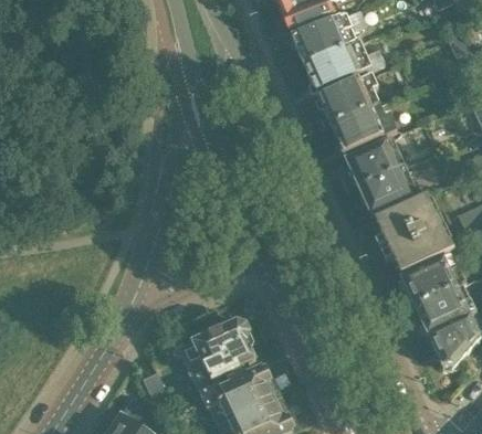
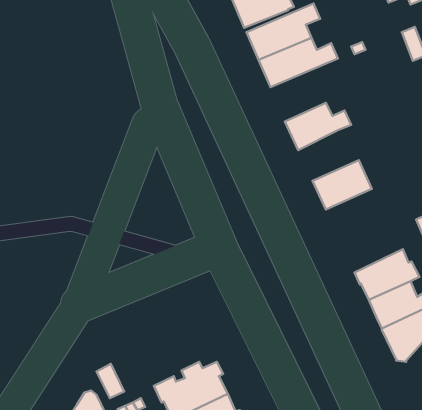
building: [318,73,377,126] -> none
building: [345,136,405,186] -> none
building: [375,192,453,273] -> none
building: [177,319,254,387] -> none

